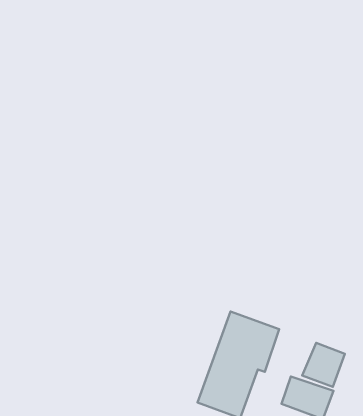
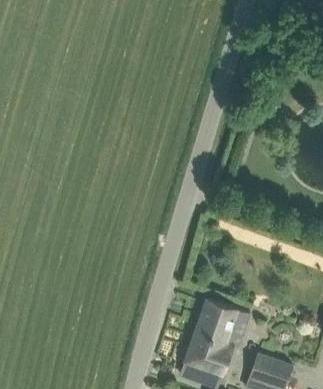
building: [302,343,345,387] -> none

